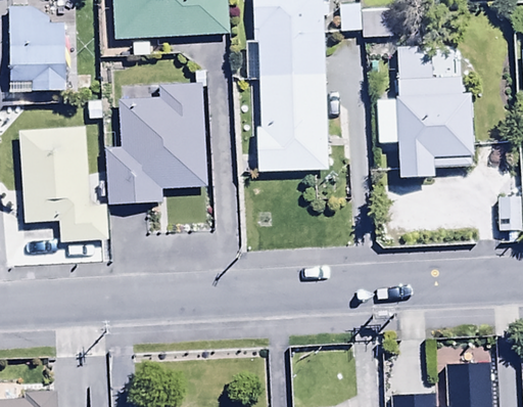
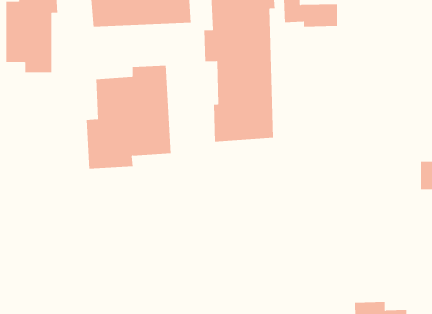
building: [396,44,472,175] -> none
building: [18,123,109,243] -> none

